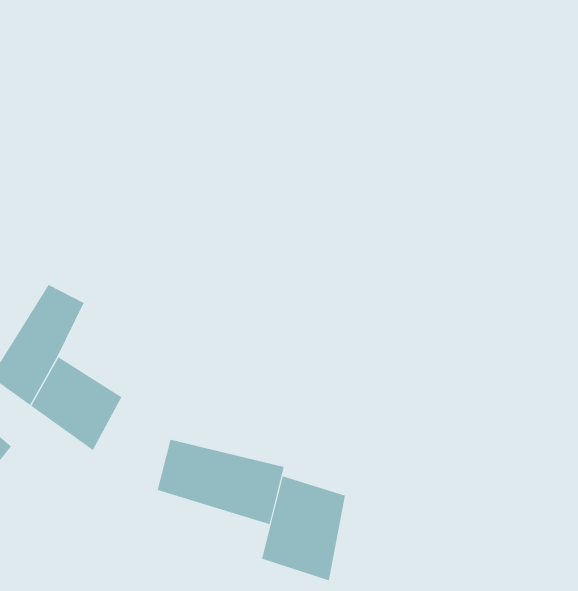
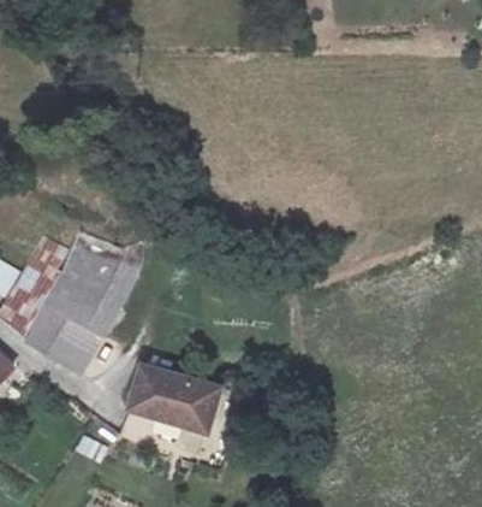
building: none -> [49,231,137,334]
building: [262,476,345,581] -> none

